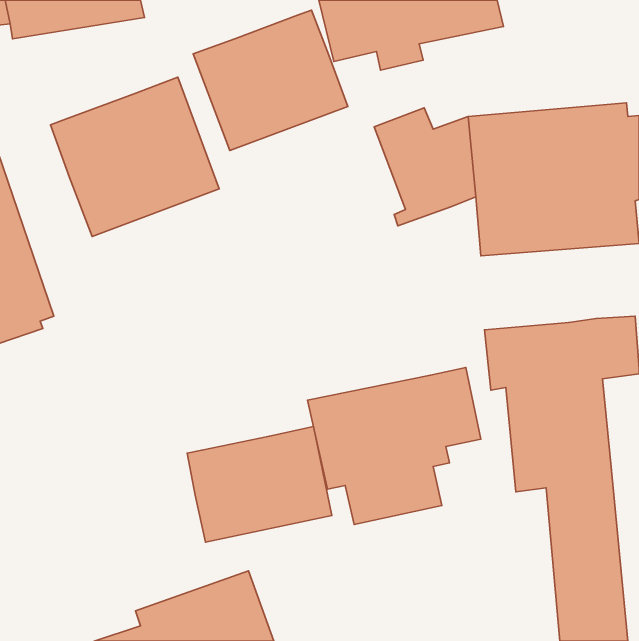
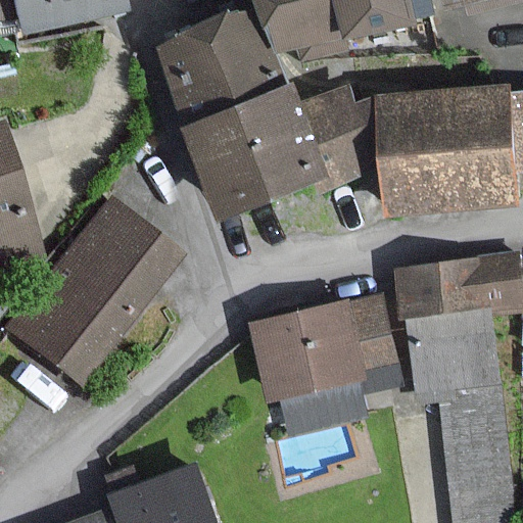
building: [51,77,219,237] -> none
building: none -> [187,82,330,212]
building: none -> [9,198,179,379]
building: [187,427,332,542] -> none

